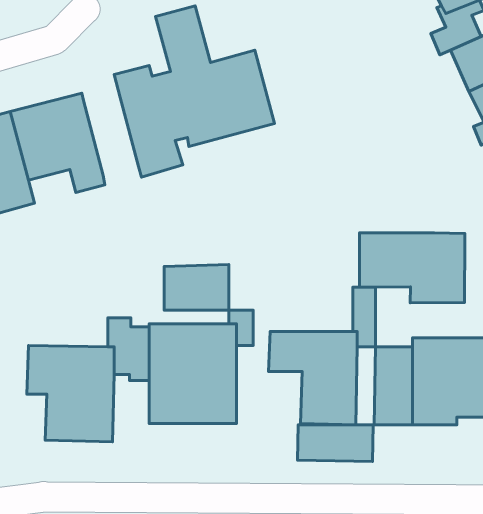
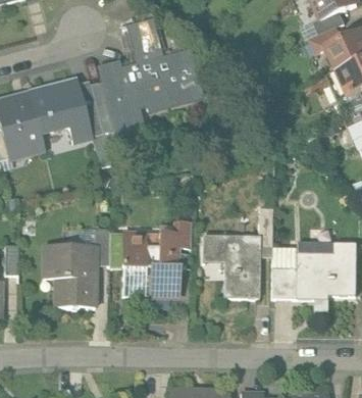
building: none -> [77,81,114,134]
building: [360,233,465,303] -> none
building: [164,265,229,310] -> none
building: [297,425,373,462] -> none

